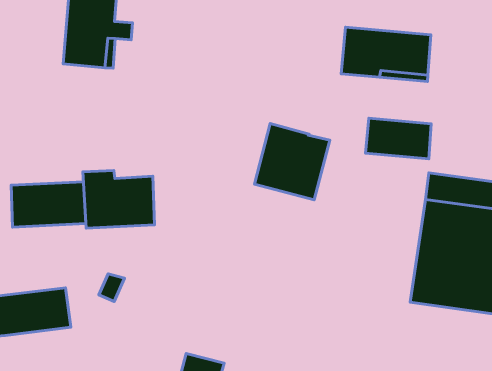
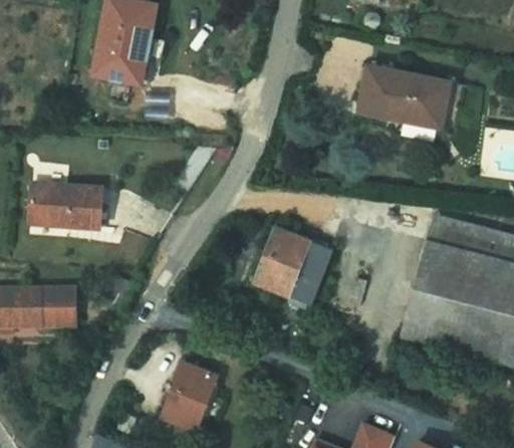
building: [365,118,431,159] -> none
building: [255,124,330,200] -> [254,228,330,305]
building: [83,171,155,228] -> none

